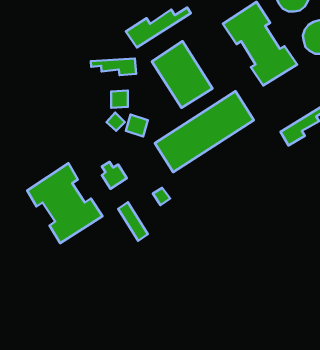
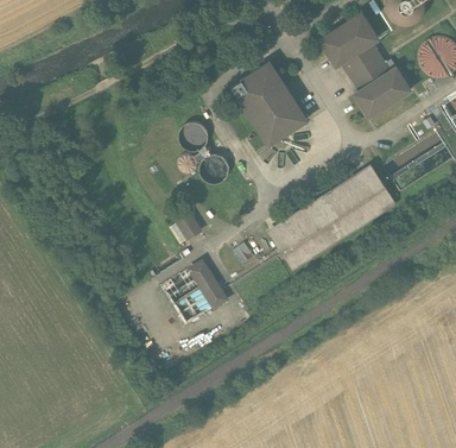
building: [126,7,191,48] -> none
building: [91,59,136,75] -> none
building: [155,91,254,172] -> [271,168,393,267]
building: [27,163,102,243] -> none

